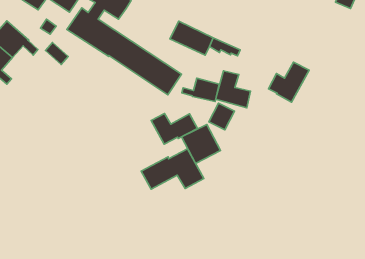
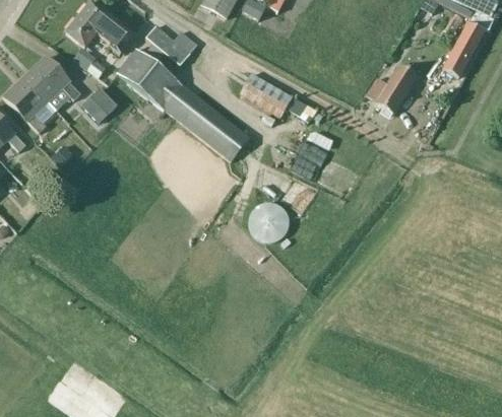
building: [268,62,309,102] -> [367,66,418,114]
building: [182,78,219,102] -> none
building: [151,113,197,144] -> none
building: [141,149,204,189] -> none

